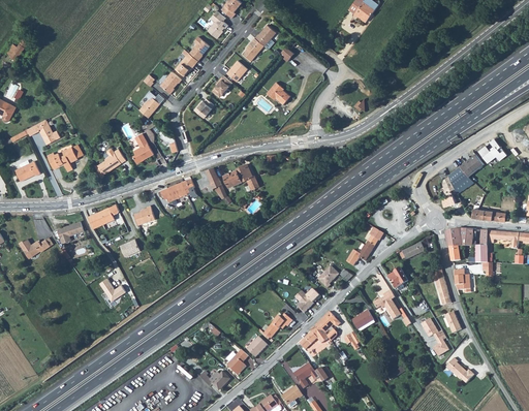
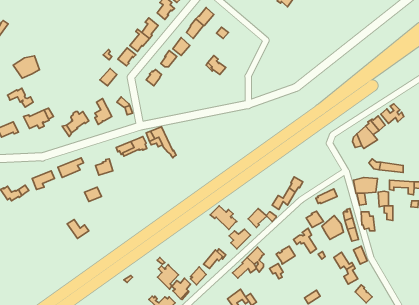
building: none -> [13,56,39,78]
building: [222,165,257,190] -> none
building: none -> [210,206,237,230]
building: none -> [322,215,344,239]
building: none -> [158,265,178,289]

